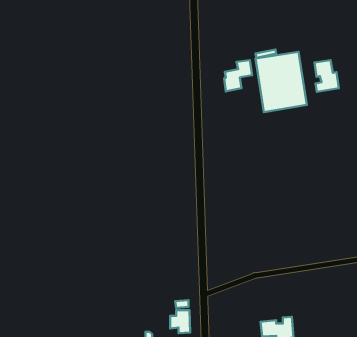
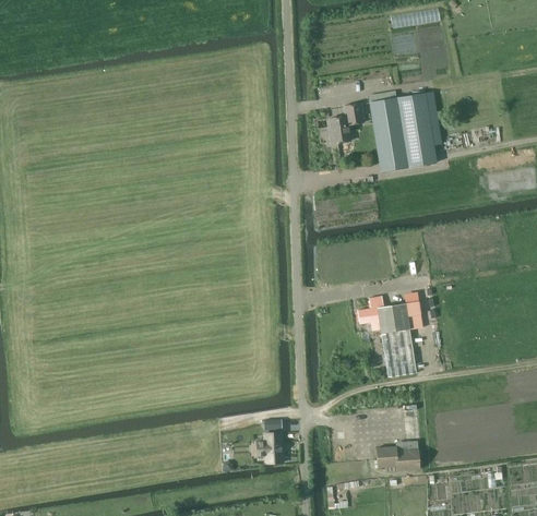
building: [314,60,339,92] -> none
building: none -> [358,296,423,377]

